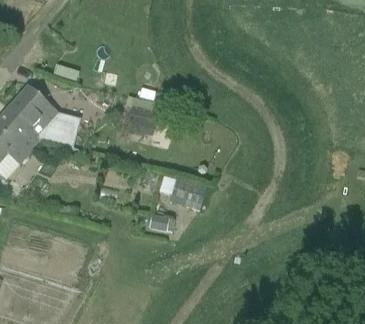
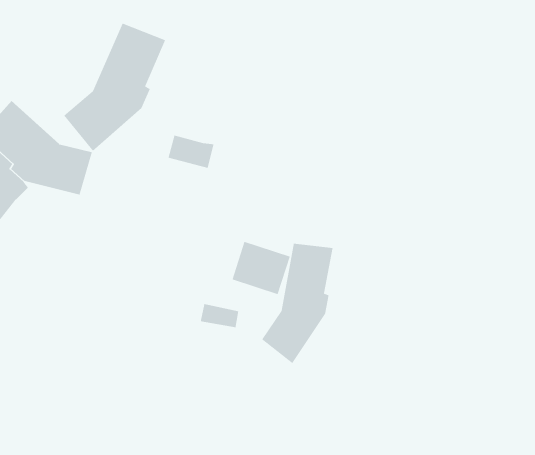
building: none -> [63,23,166,152]
building: none -> [261,243,333,364]

